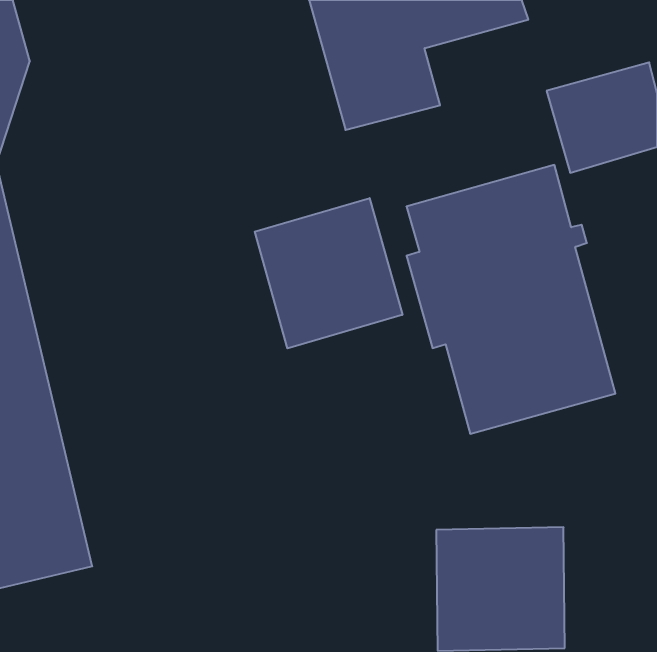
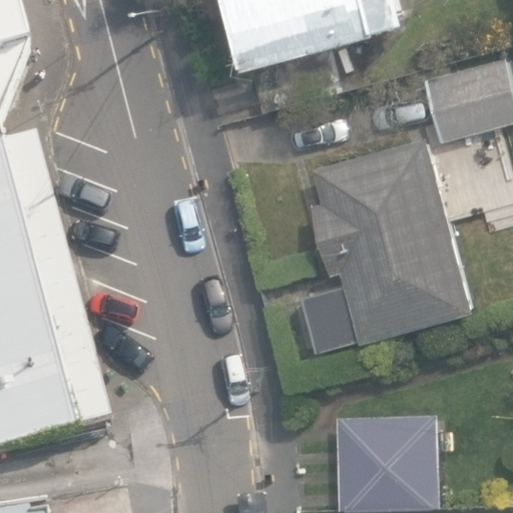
building: [255,198,402,348] -> none

